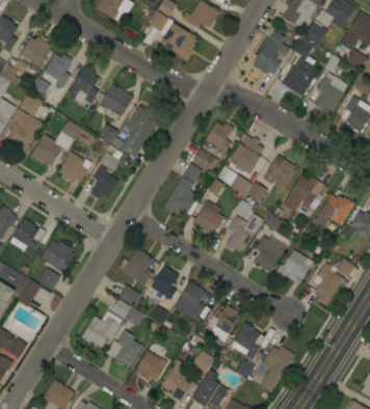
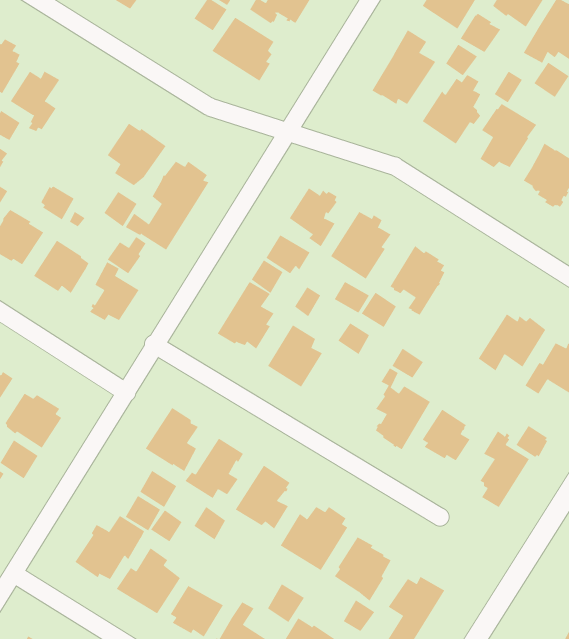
building: [68,66,99,104] -> none
building: [283,175,328,215] -> none
building: [226,214,263,250] -> none

